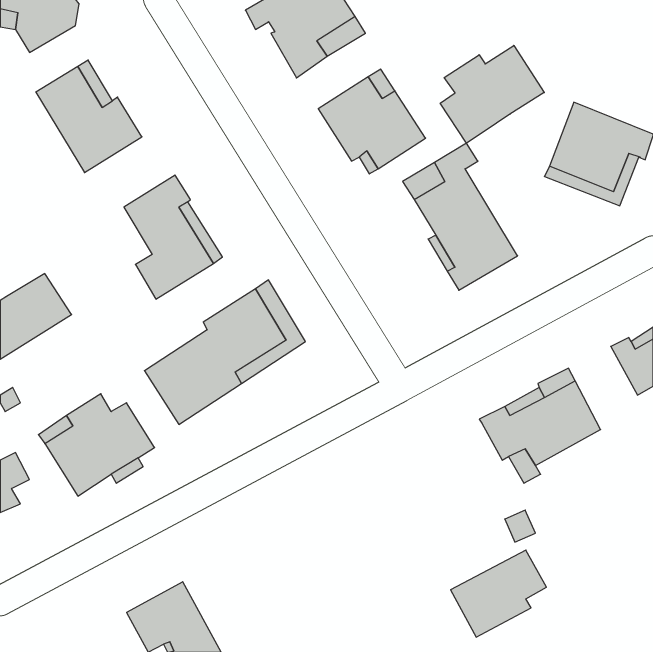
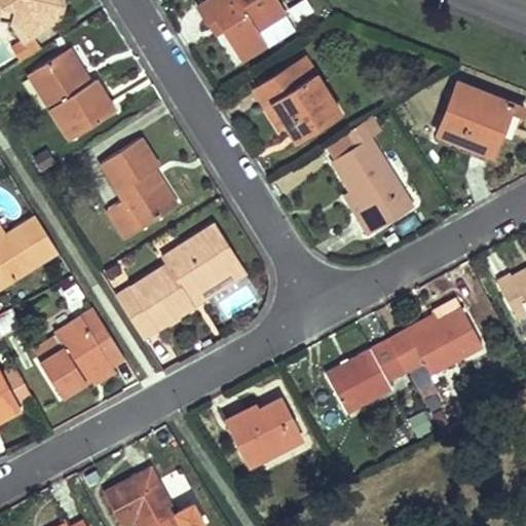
building: [440,45,544,143] -> none
building: none -> [228,397,301,465]
building: [451,550,546,637] -> [327,340,404,410]

